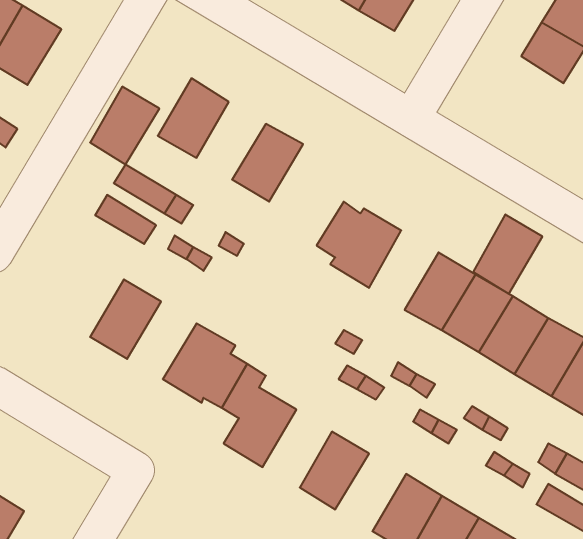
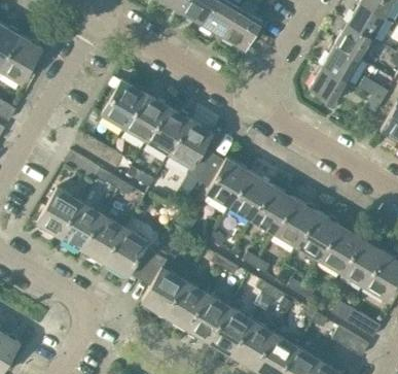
building: none -> [309,66,348,104]
building: [90,87,159,164] -> [124,94,167,141]
building: none -> [169,120,214,181]
building: [473,214,542,294] -> [229,172,272,220]
building: none -> [37,189,80,237]
building: none -> [82,215,124,263]
building: none -> [165,281,207,329]
building: none -> [209,308,252,355]

